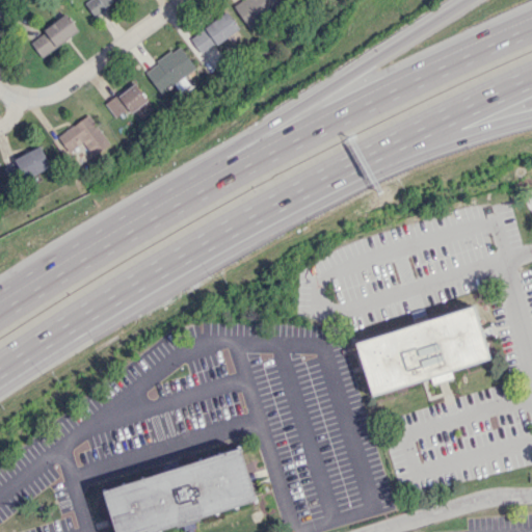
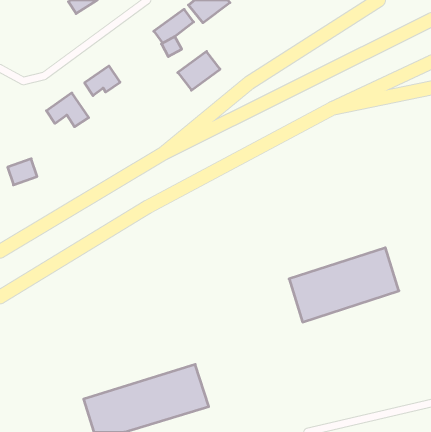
building: [30,15,79,57] -> none
building: [144,46,196,94] -> [178,51,220,90]
building: [14,147,50,179] -> [8,159,37,185]

